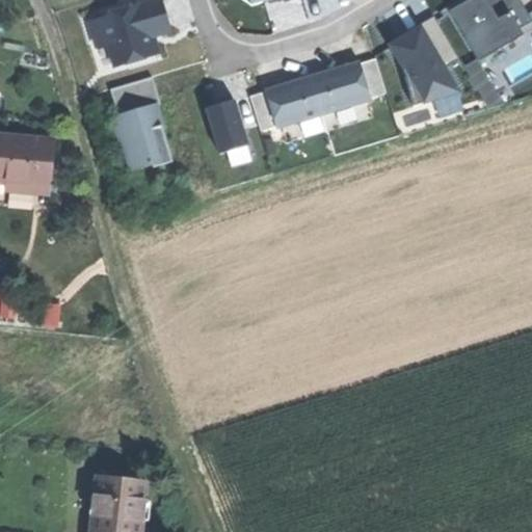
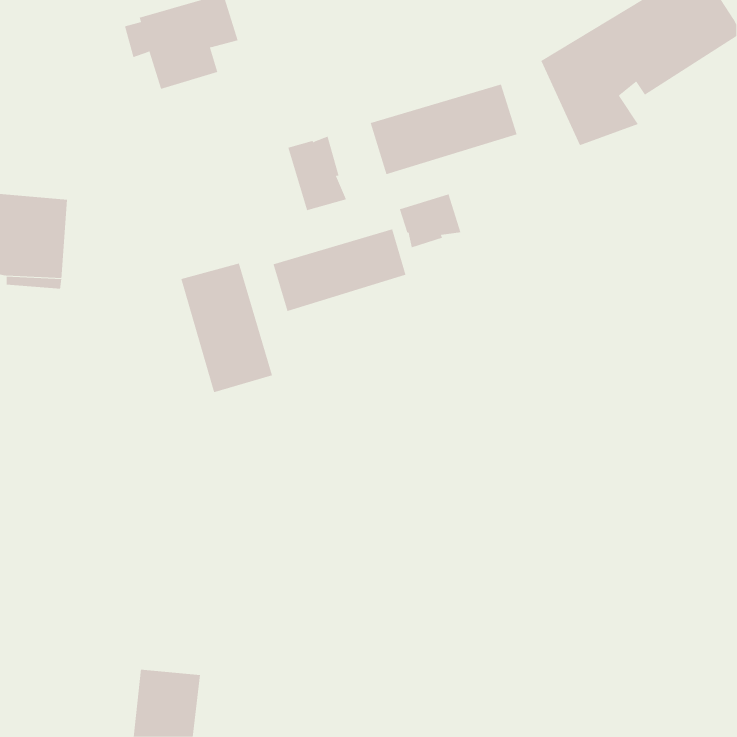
building: [107,77,174,170] -> [180,263,273,393]
building: none -> [399,194,461,248]
building: none -> [273,228,406,312]

